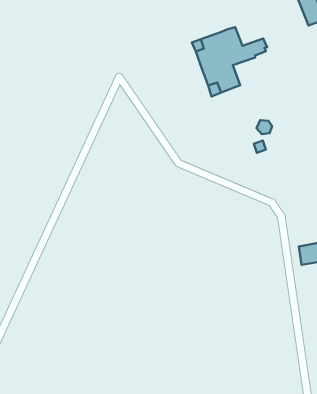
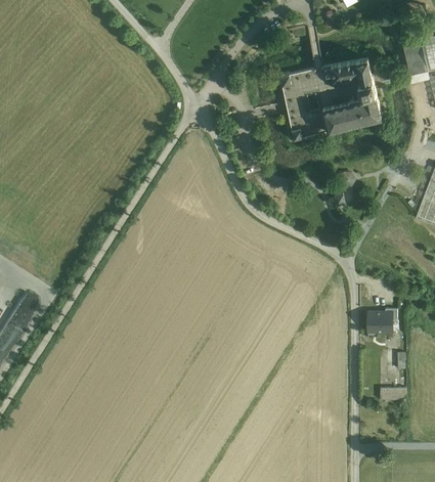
building: none -> [321,58,381,130]

